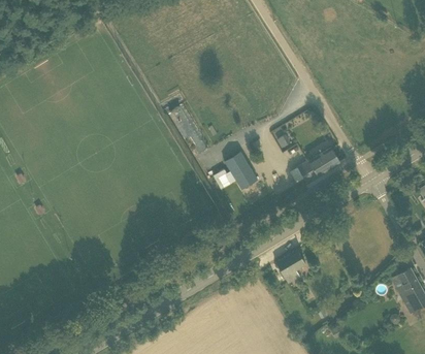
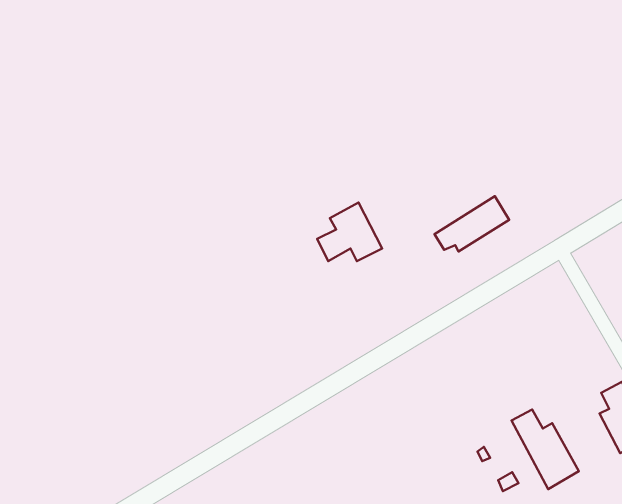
building: [275,250,305,284] -> none
building: none -> [511,409,579,489]

